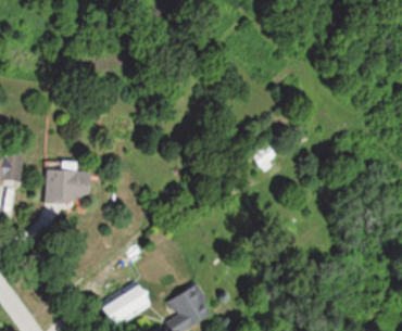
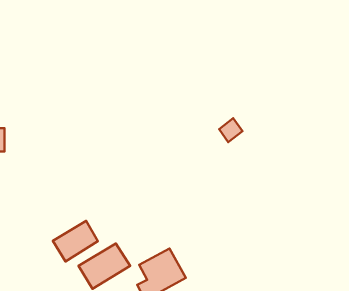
building: [45,170,91,203] -> none
building: none -> [53,221,98,261]

